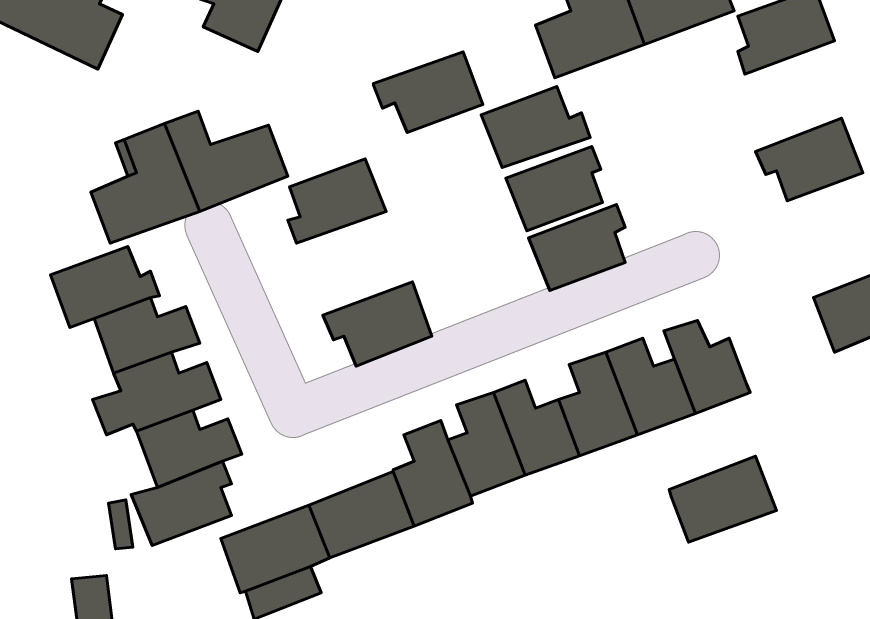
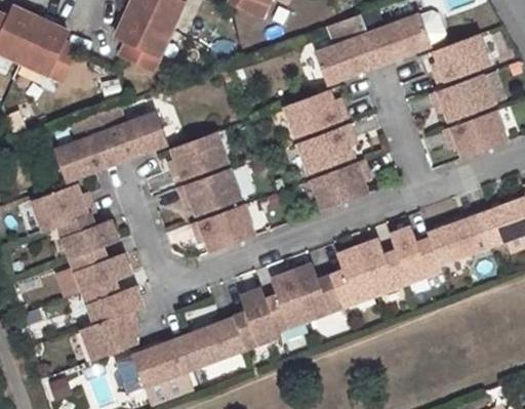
building: [374,52,483,133] -> [177,169,241,216]
building: none -> [430,75,491,122]
building: [669,456,777,542] -> [427,213,489,263]

